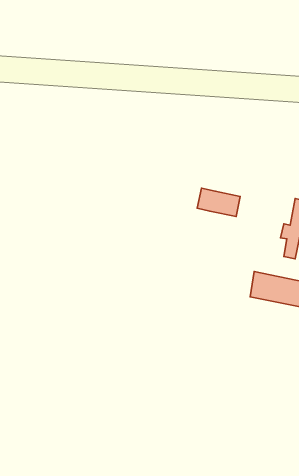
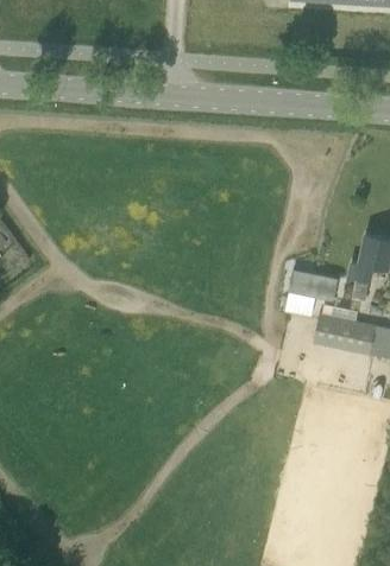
building: [197,188,240,217] -> [295,272,344,304]

